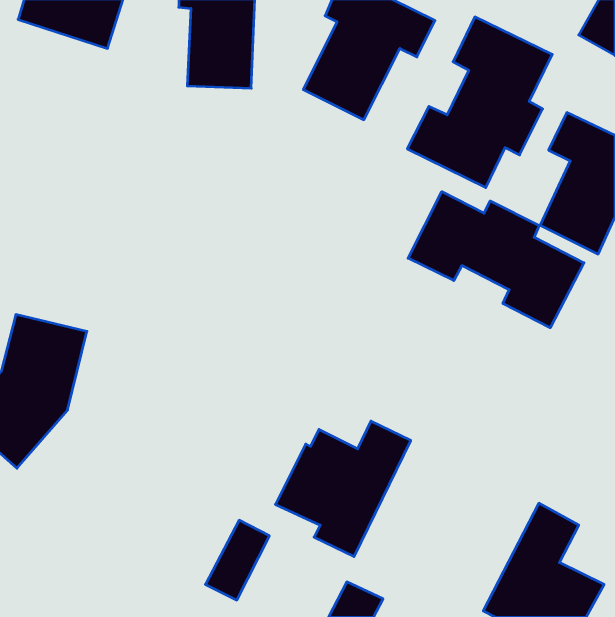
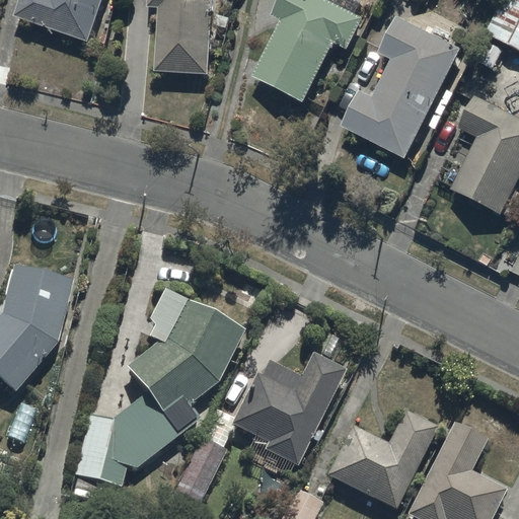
building: [408,192,584,328] -> none
building: none -> [69,288,246,486]
building: none -> [325,412,436,510]

